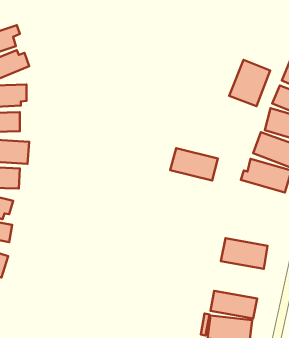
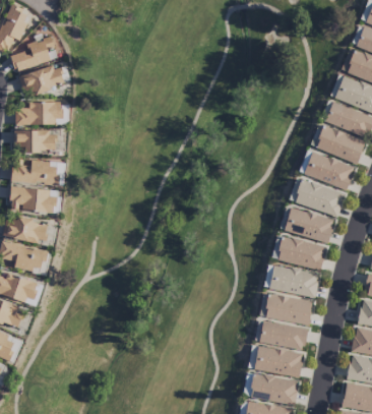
building: [229,60,270,106] -> none
building: [170,148,218,181] -> [284,208,334,242]
building: none -> [276,236,326,271]
building: none -> [265,293,313,324]

